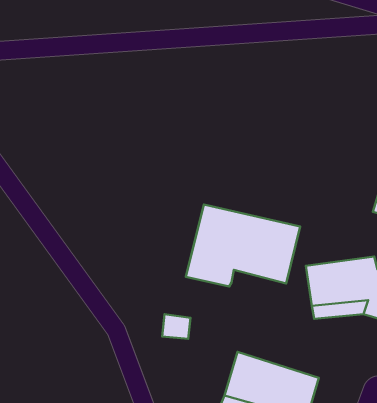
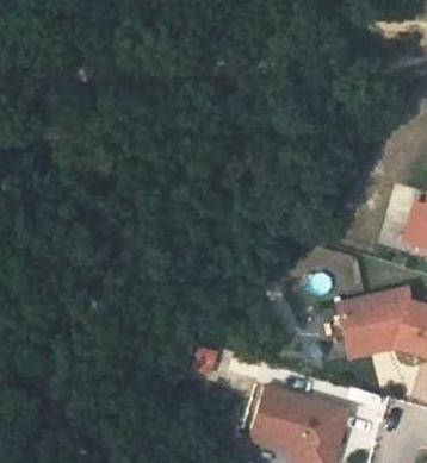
building: [186,204,300,287] -> none

